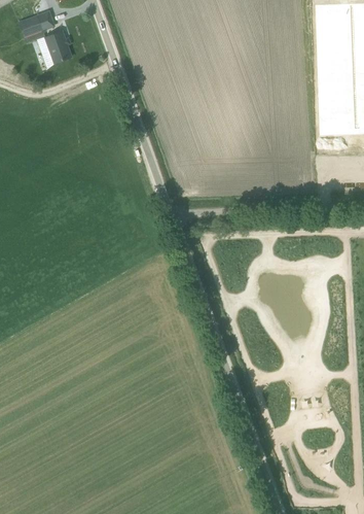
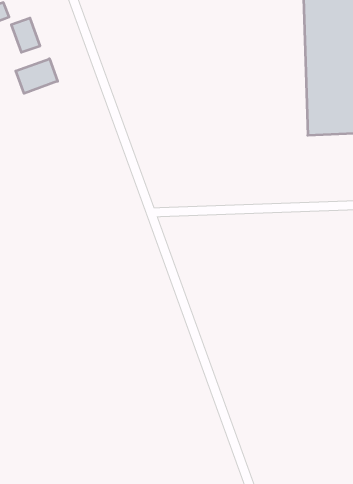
building: none -> [16,59,58,93]

